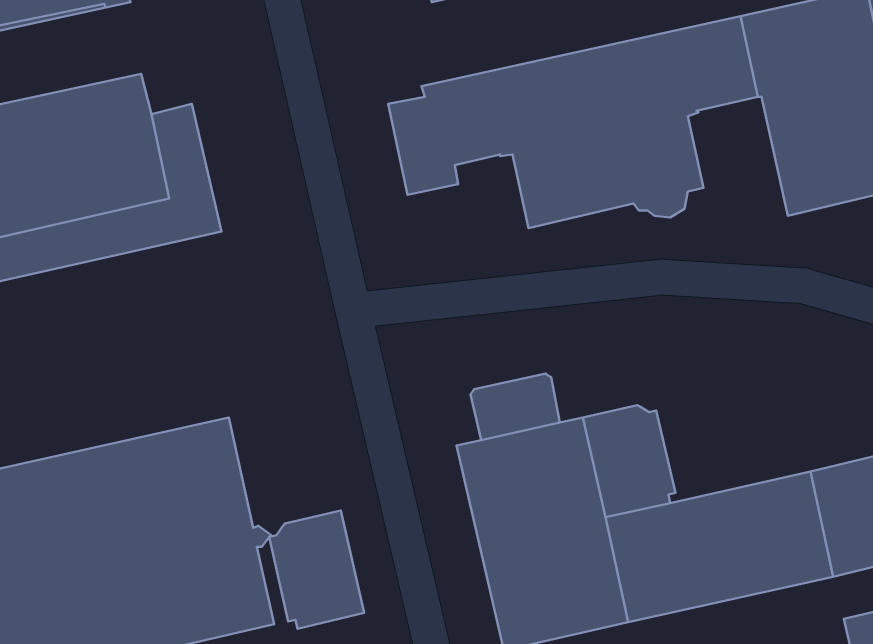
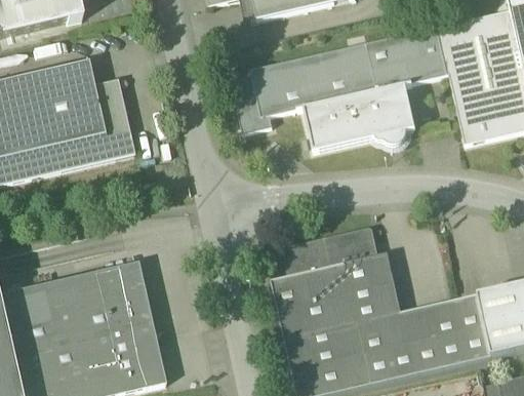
building: none -> [324,227,377,266]
building: [269,510,364,629] -> none

